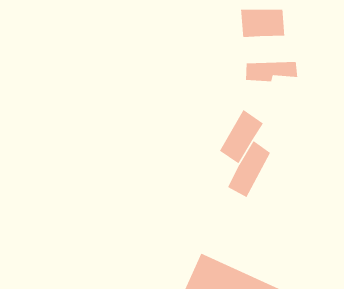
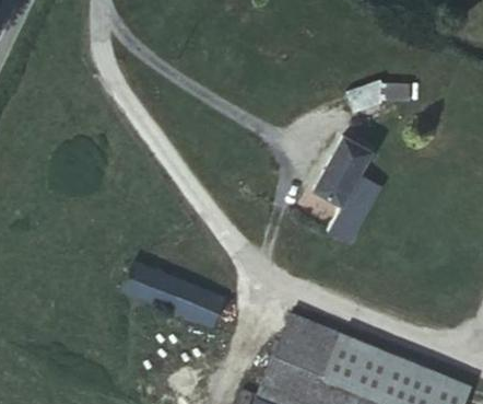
building: [240,9,285,38] -> none
building: none -> [126,263,224,333]

